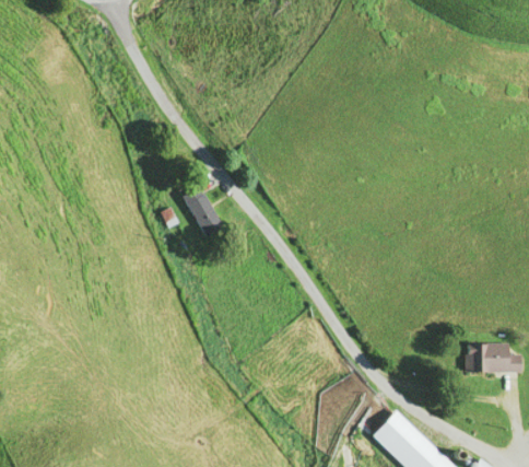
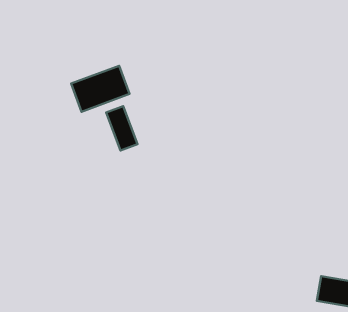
building: none -> [71,66,130,112]

